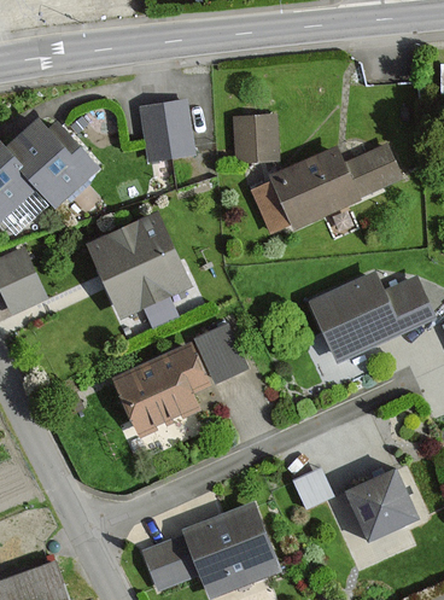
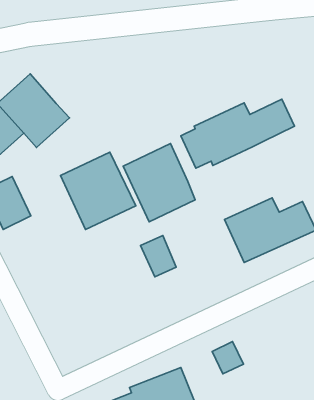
building: [140,99,195,161] -> none
building: [233,113,280,163] -> none
building: none -> [123,144,195,222]
building: [113,346,206,431] -> none
building: [349,471,417,540] -> none

